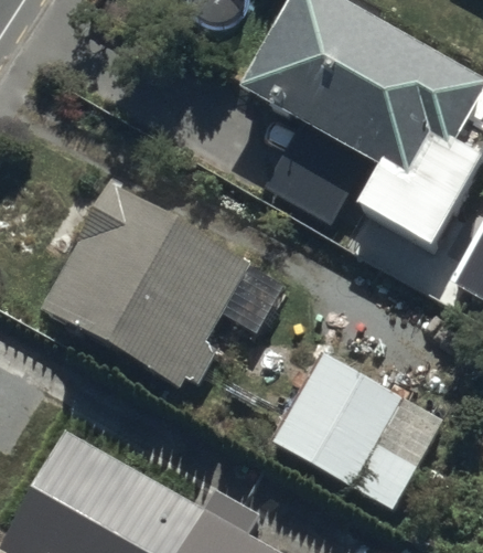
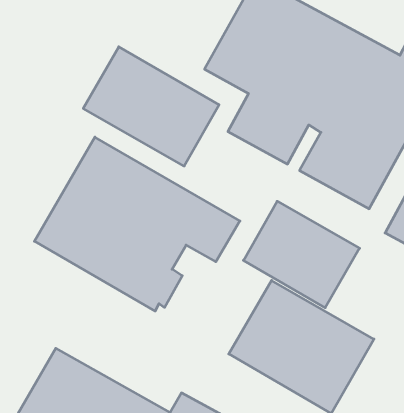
building: none -> [83,47,219,166]
building: none -> [243,201,360,308]

